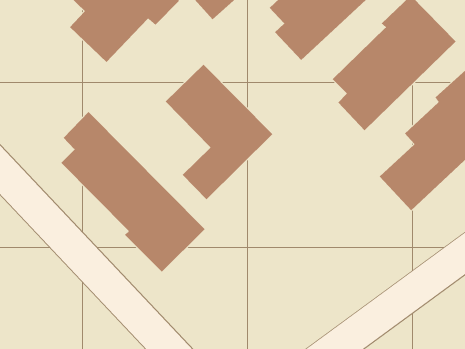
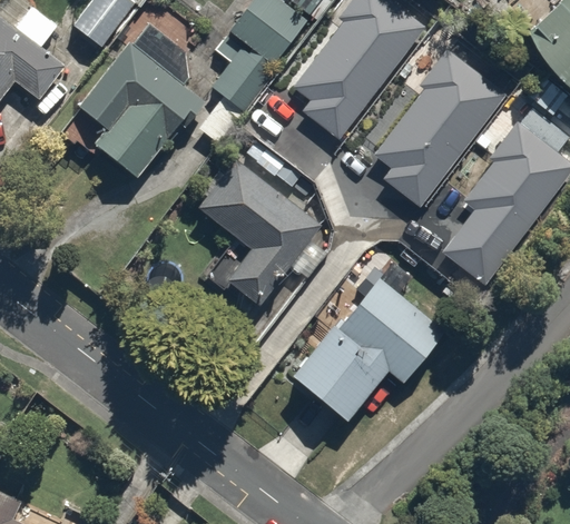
building: [61,111,205,273] -> none
building: none -> [284,273,443,422]

